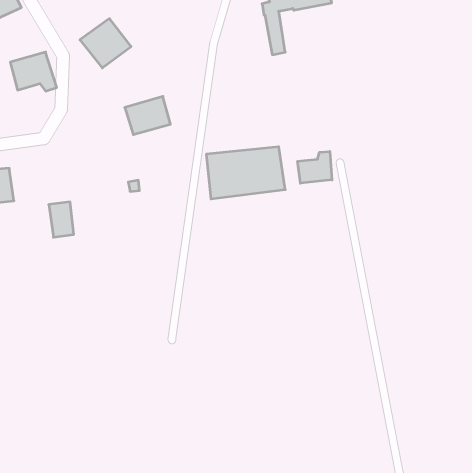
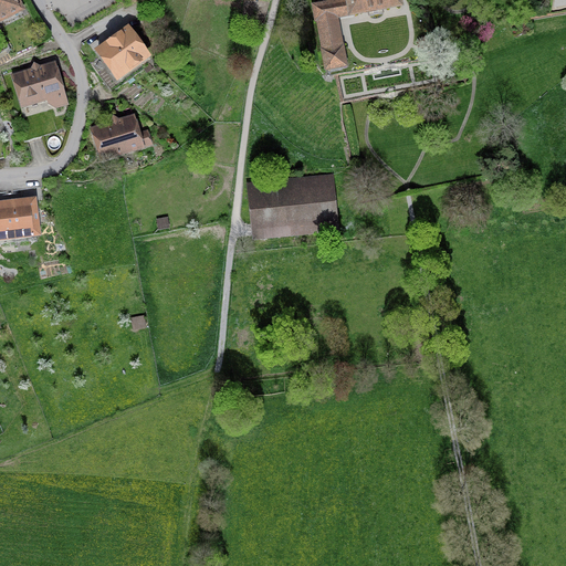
building: [125,96,170,135] -> [91,115,145,160]
building: [298,151,332,183] -> none
building: [49,202,74,237] -> [11,197,41,239]

